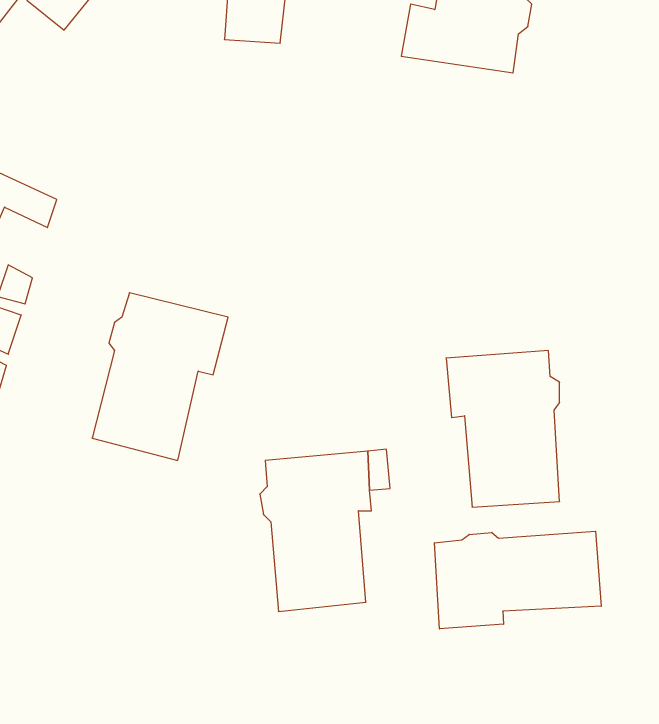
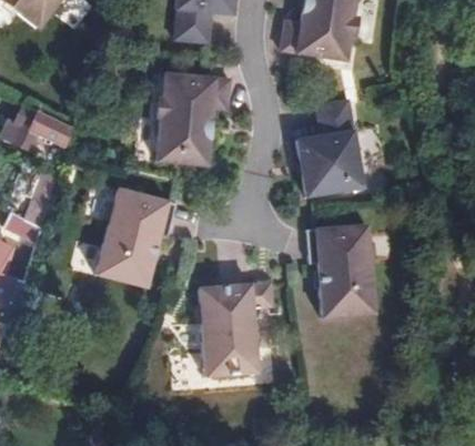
building: none -> [155,70,230,164]
building: none -> [296,95,363,194]
building: [435,531,601,629] -> none

